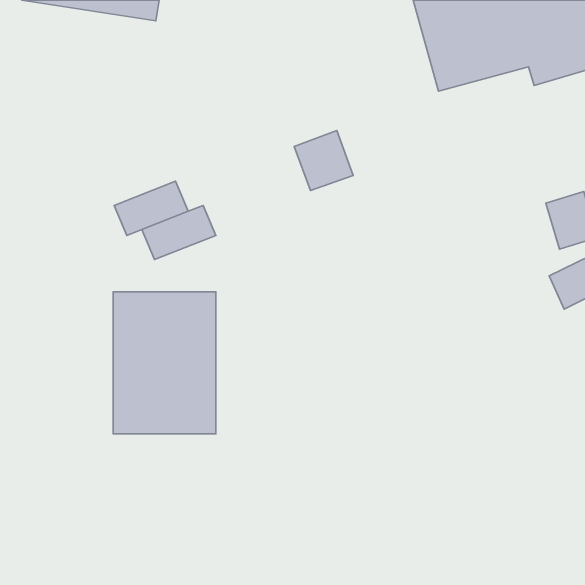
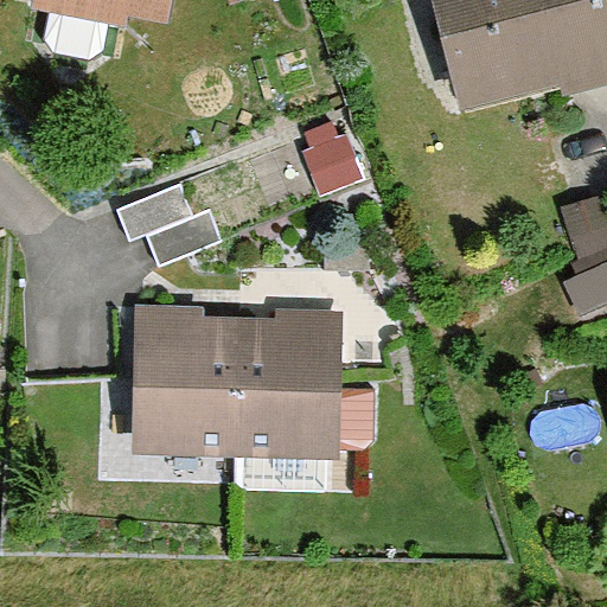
building: none -> [226,305,365,451]

